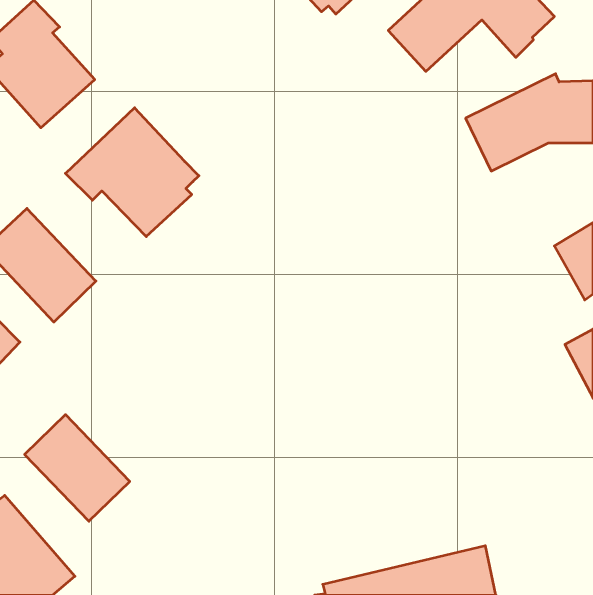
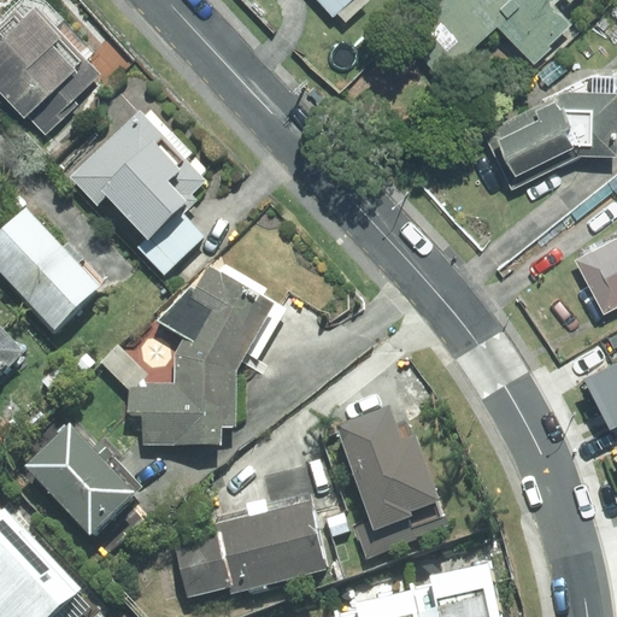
building: none -> [99,270,275,443]
building: none -> [336,411,445,533]
building: none -> [170,503,328,598]

